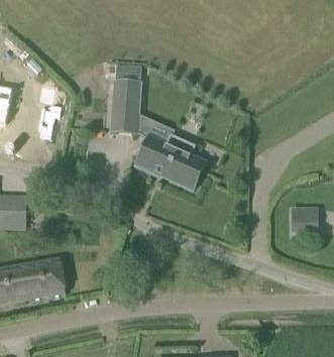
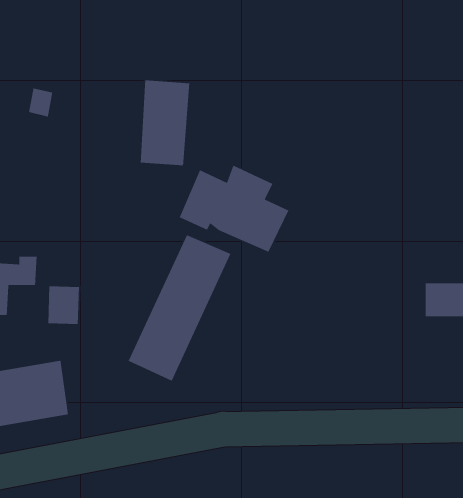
building: none -> [128,234,232,382]
building: none -> [47,285,80,325]

